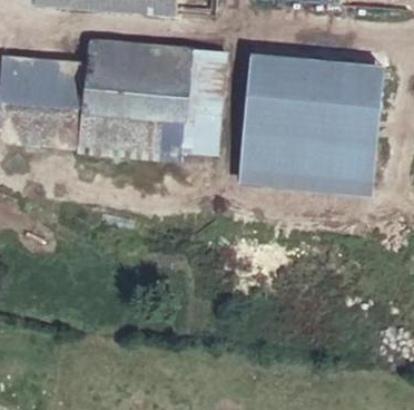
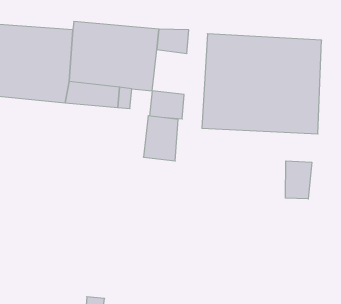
building: [185,85,226,138] -> [143,116,178,161]
building: none -> [286,161,312,199]

